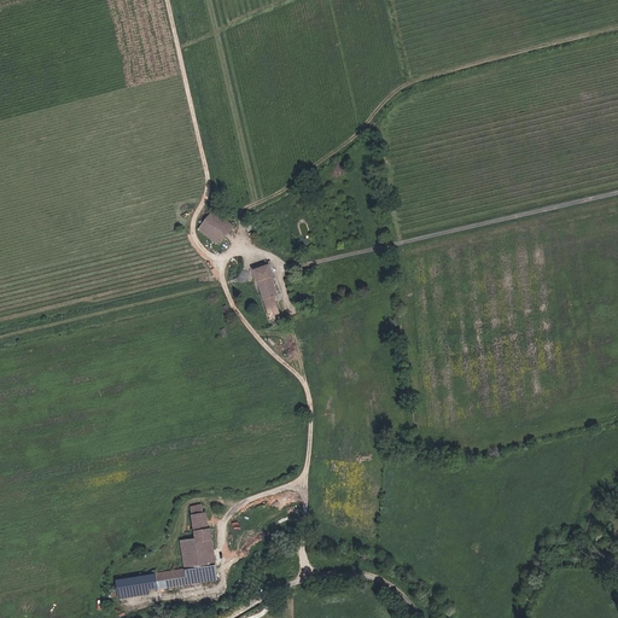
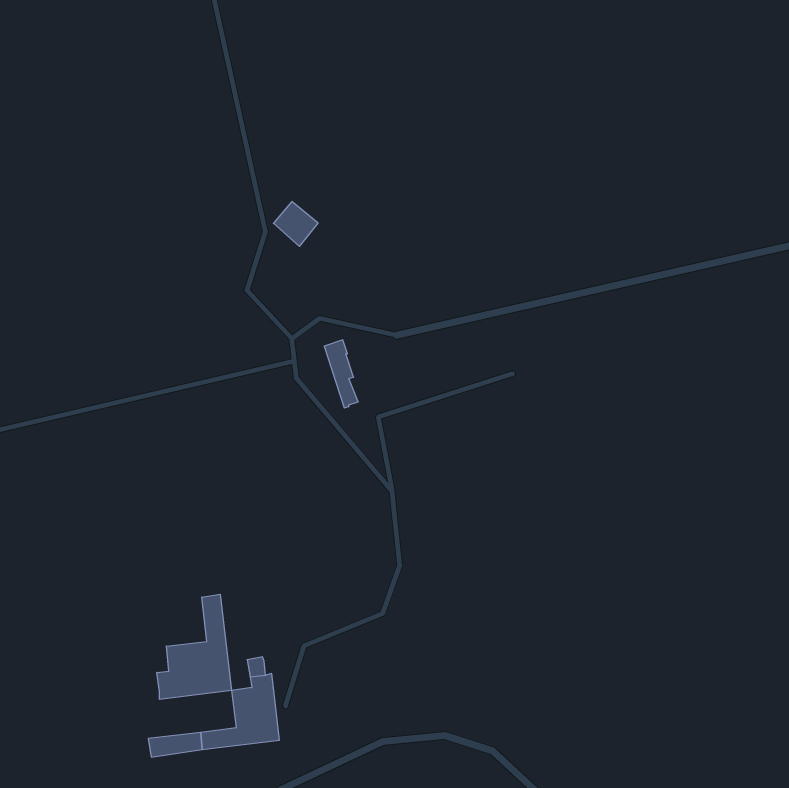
building: [197,212,232,247] -> [273,202,318,246]
building: none -> [157,594,232,699]

